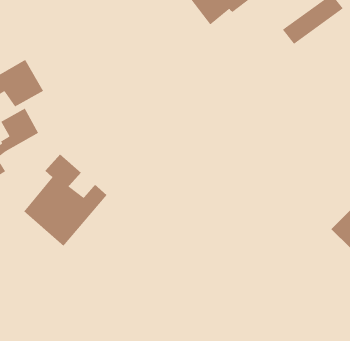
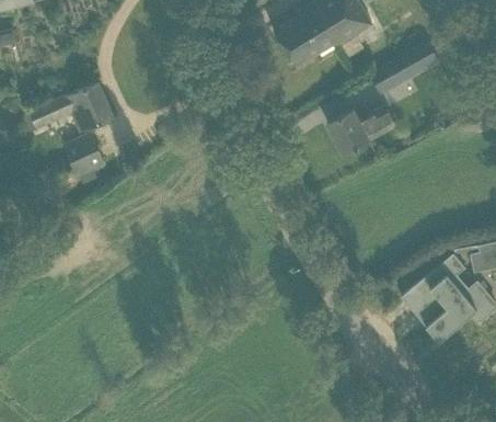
building: none -> [326,111,395,155]
building: [23,154,108,247] -> none

